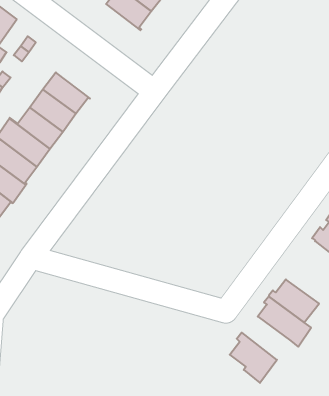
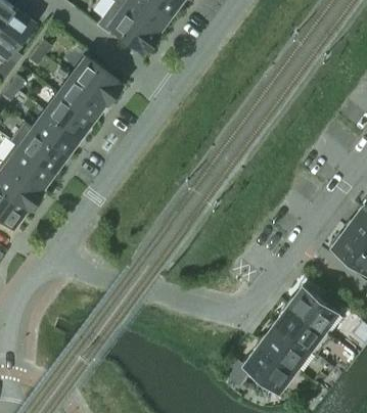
building: none -> [109,7,157,52]
building: none -> [72,58,121,103]
building: none -> [260,325,311,369]

